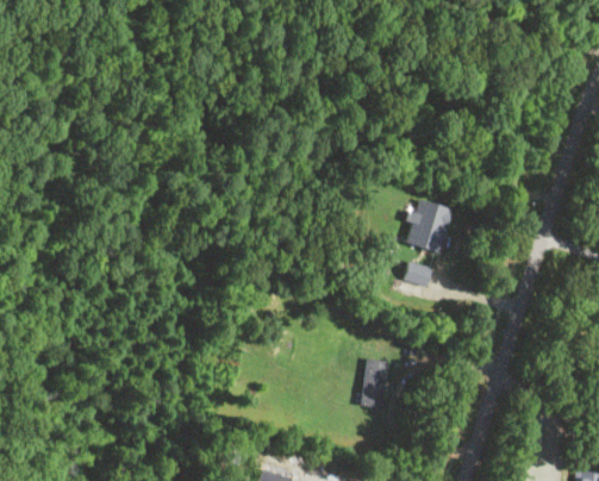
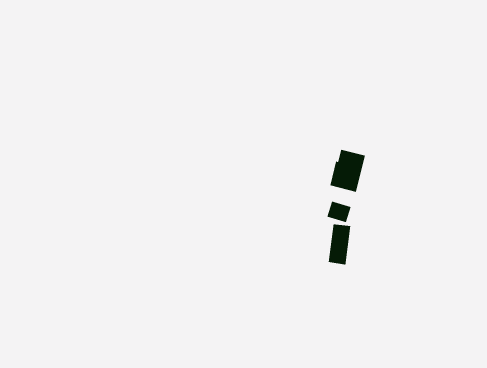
building: [362,360,389,408] -> [328,224,351,265]

